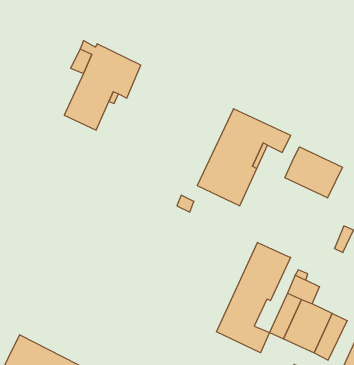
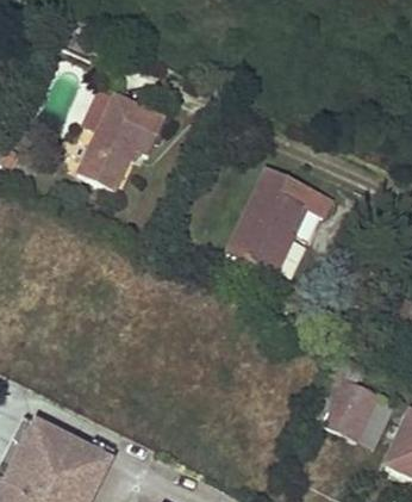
building: [285,147,342,198] -> none
building: [216,242,291,353] -> none

